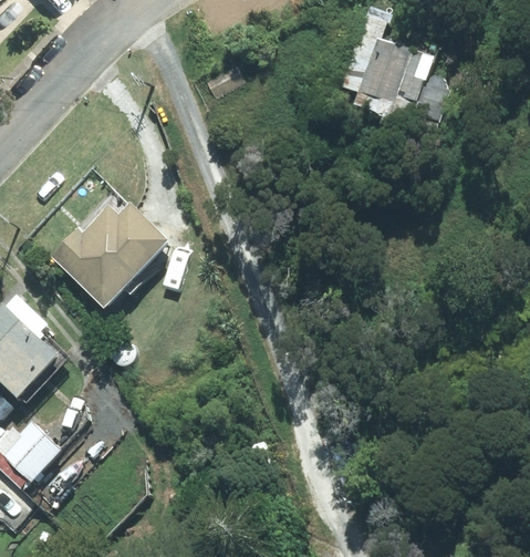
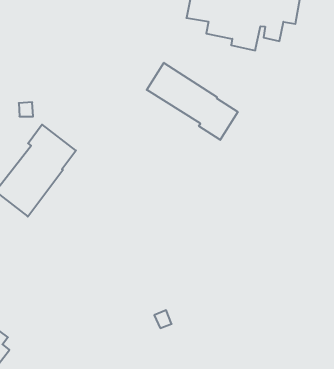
building: none -> [147,63,238,140]

